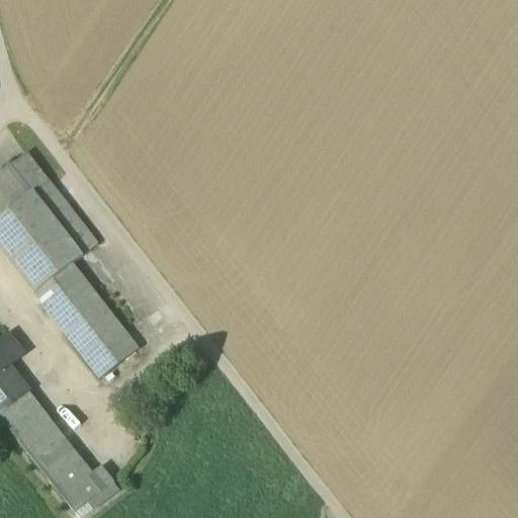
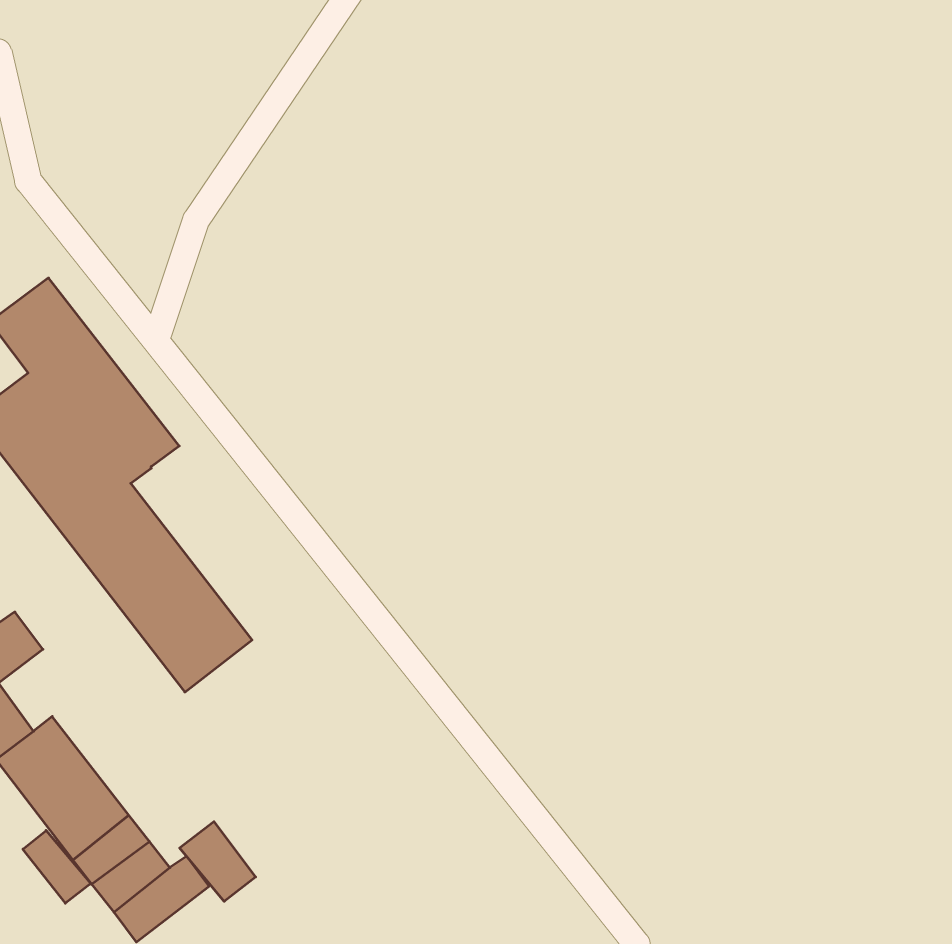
building: none -> [180,822,256,901]
building: none -> [23,830,91,903]

